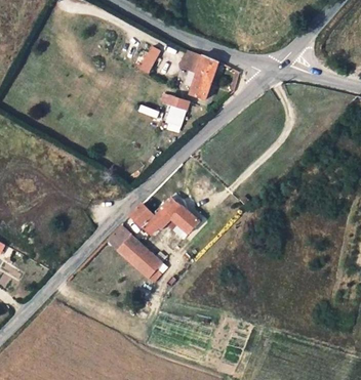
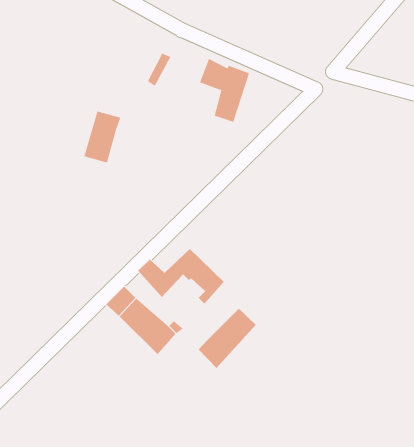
building: [160,97,189,137] -> [84,111,121,163]
building: none -> [198,308,256,369]

